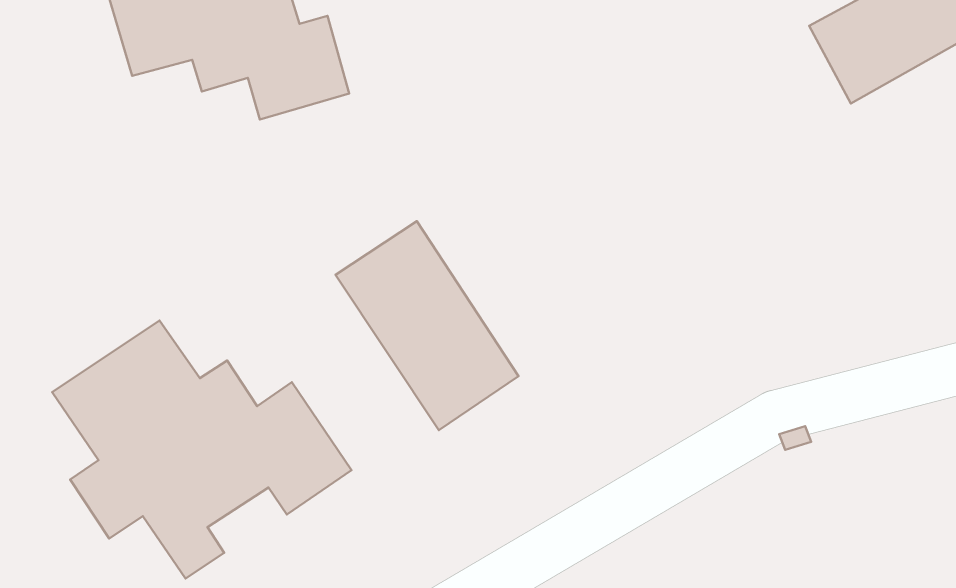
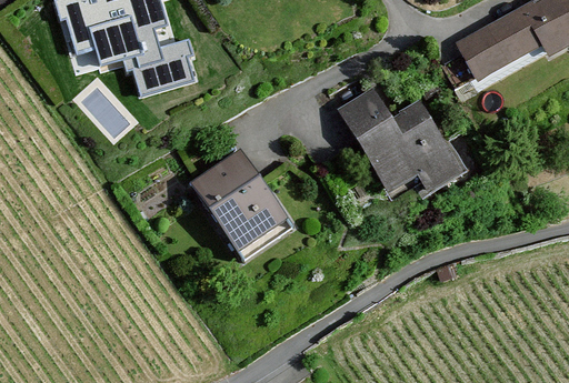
building: none -> [335,84,466,193]
building: [52,321,351,578] -> none

